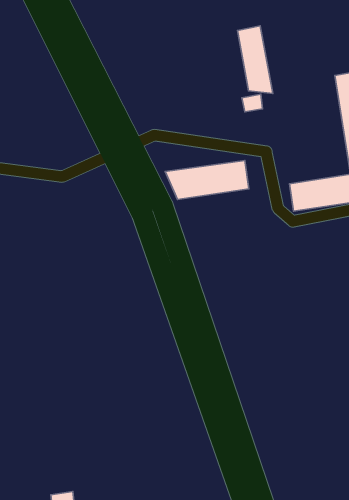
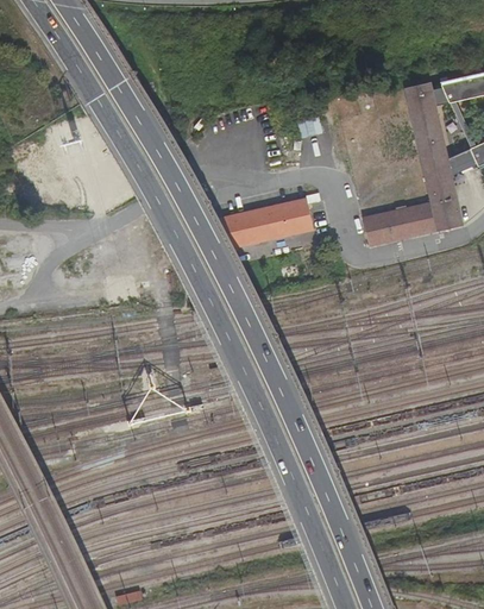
building: [238,26,273,93] -> none

